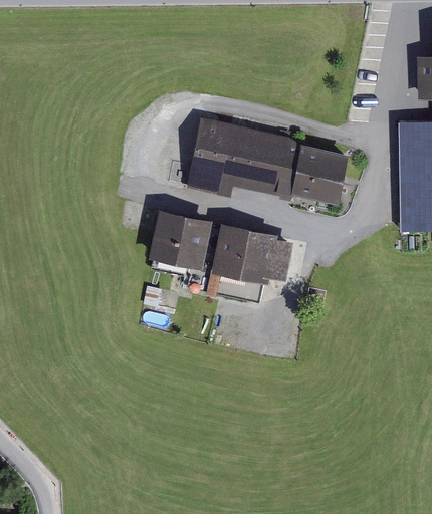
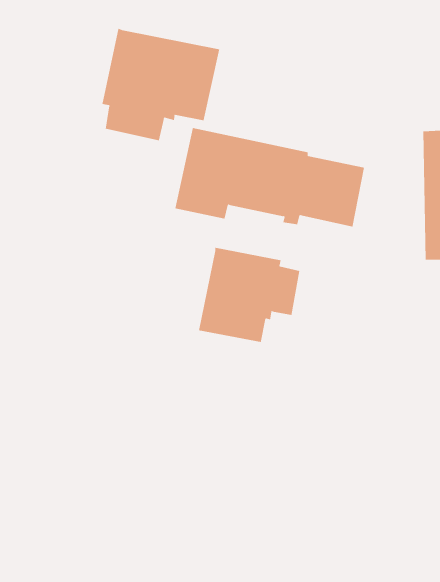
building: none -> [102,28,220,141]
building: [148,208,220,293] -> none

